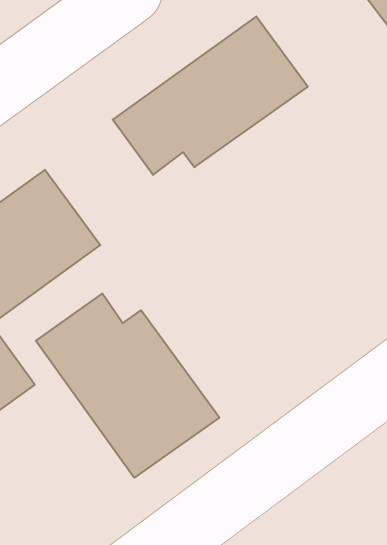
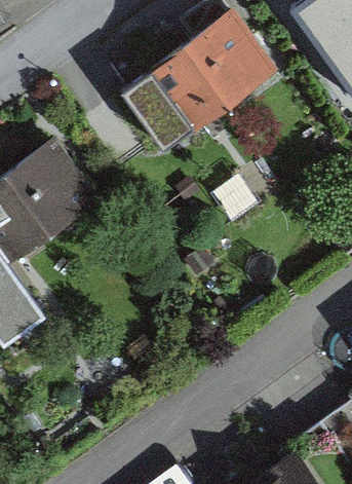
building: [36,293,219,478] -> none

